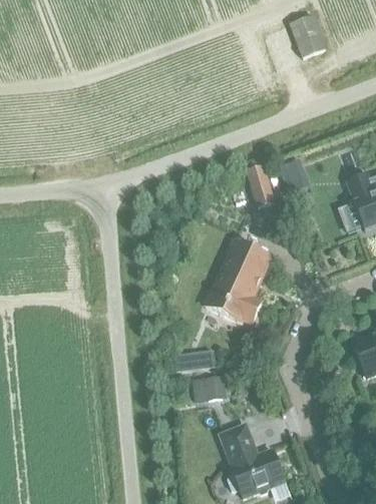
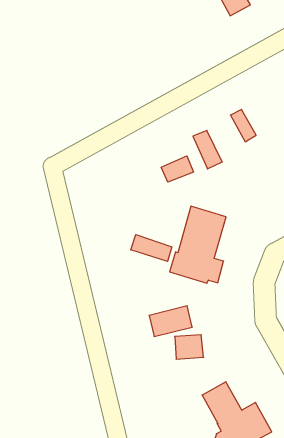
building: none -> [161,156,194,182]
building: none -> [131,235,172,261]

